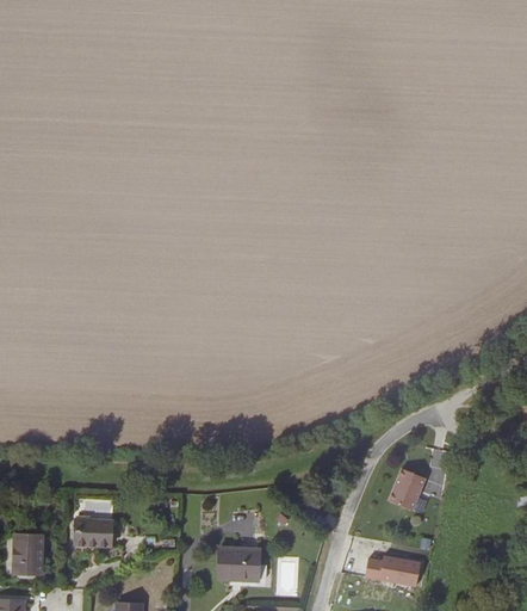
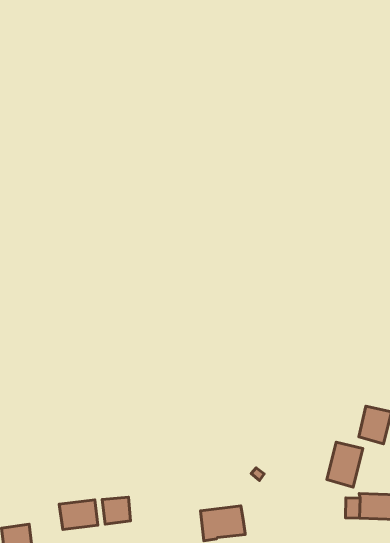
building: none -> [327,442,363,487]
building: none -> [102,497,131,524]

